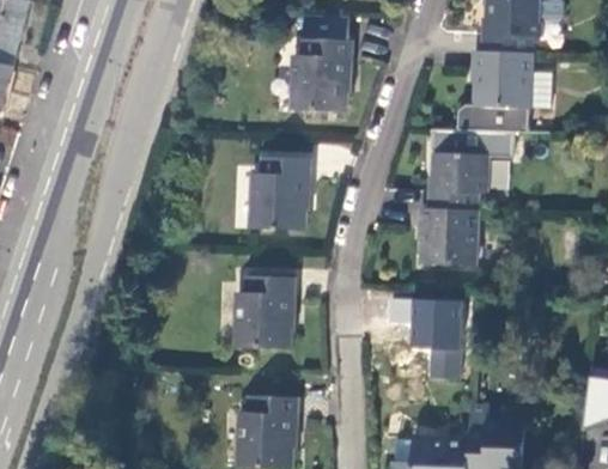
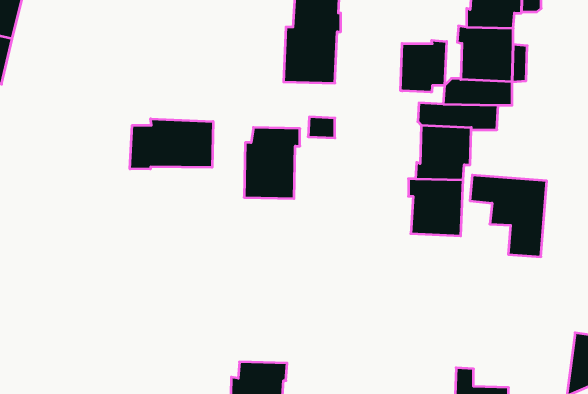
building: none -> [401,40,447,92]
building: none -> [130,119,213,169]
building: [236,276,294,347] -> none
building: [385,296,464,379] -> [470,175,547,257]

